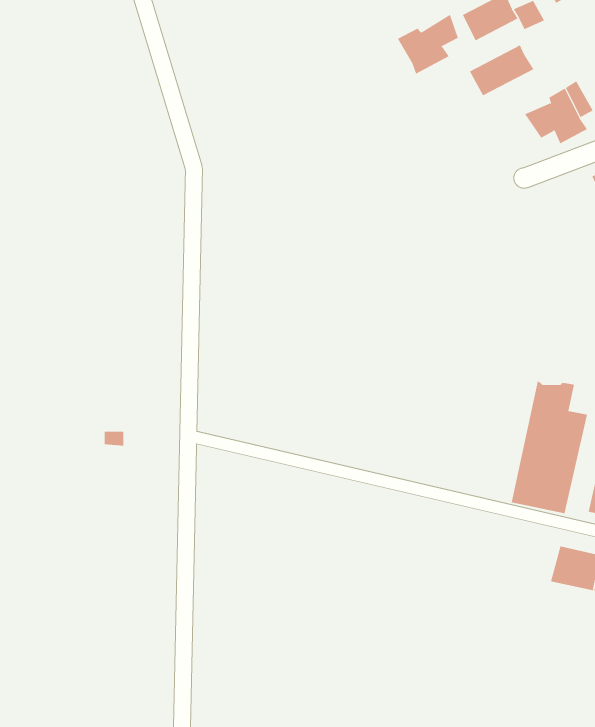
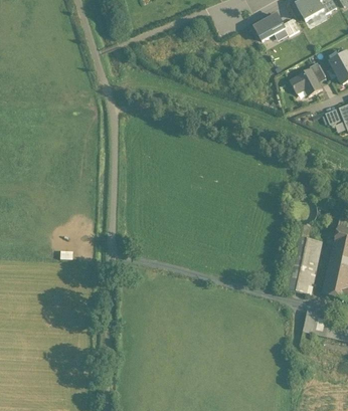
building: [397,14,459,74] -> none
building: [469,44,534,96] -> none

